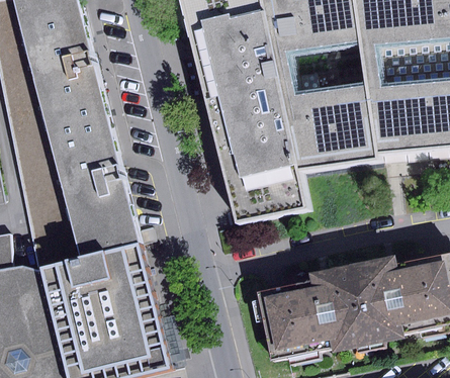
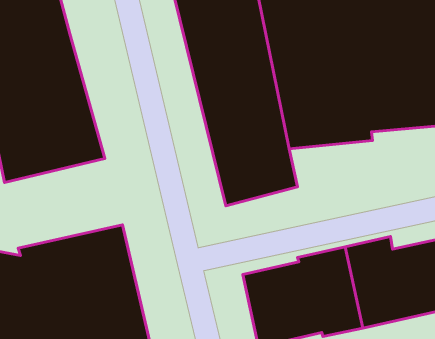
building: [26,178,140,264] -> none

